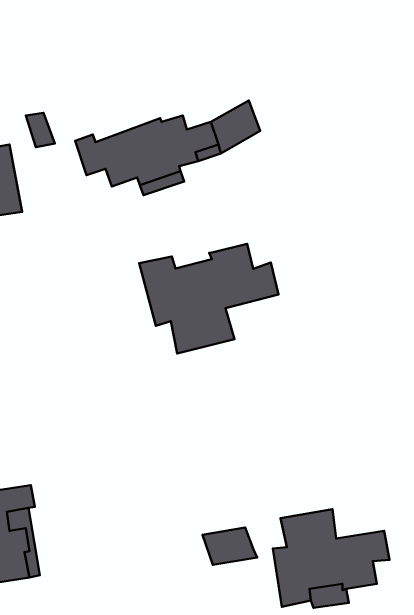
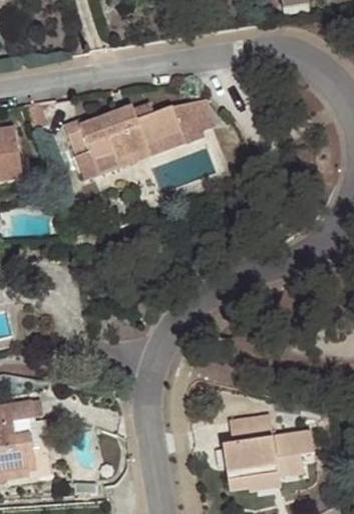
building: [139,244,279,353] -> none
building: [202,527,257,565] -> none

